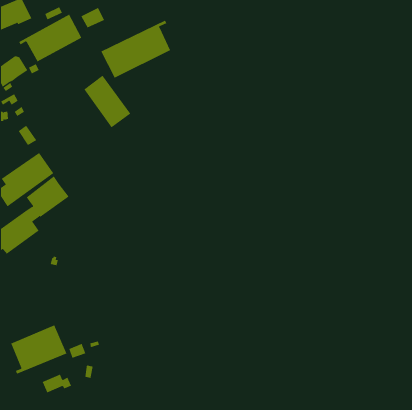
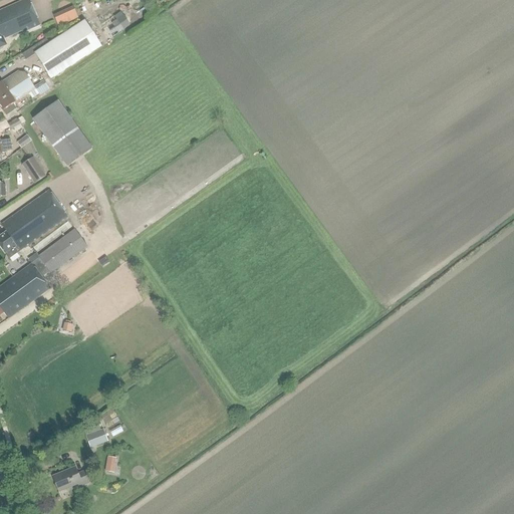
building: [101,20,171,79] -> none
building: [84,75,131,128] -> [33,99,92,166]
building: [10,324,67,374] -> none

